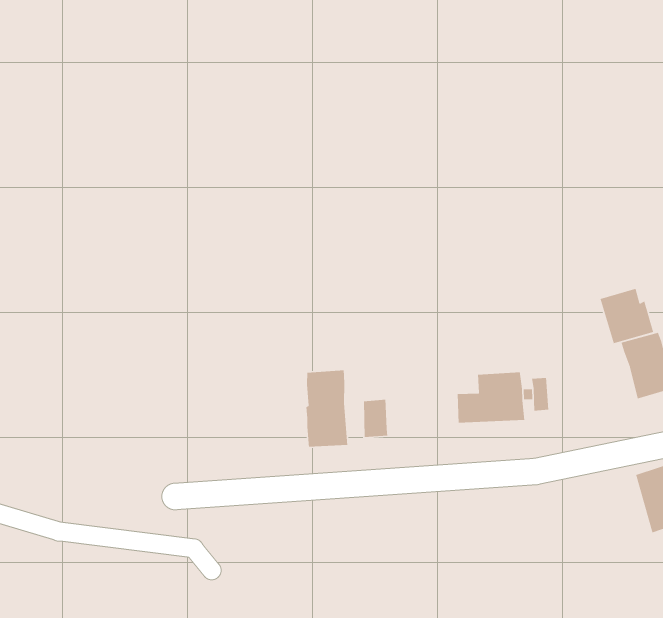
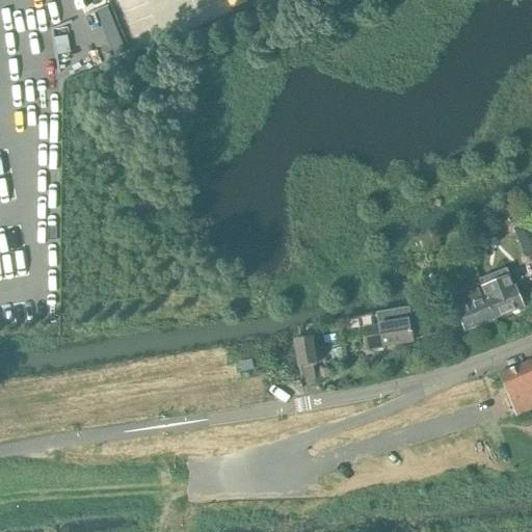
building: [599,288,654,344] -> [453,286,496,328]
building: [305,369,348,447] -> none

